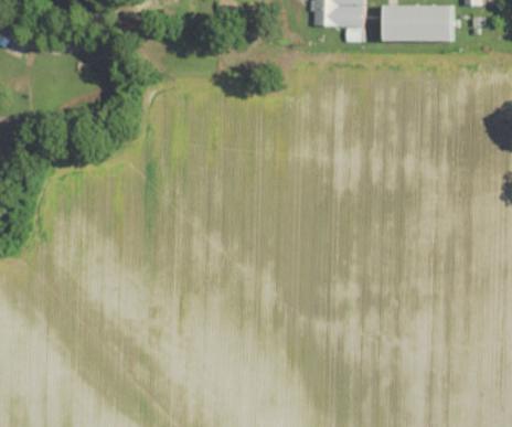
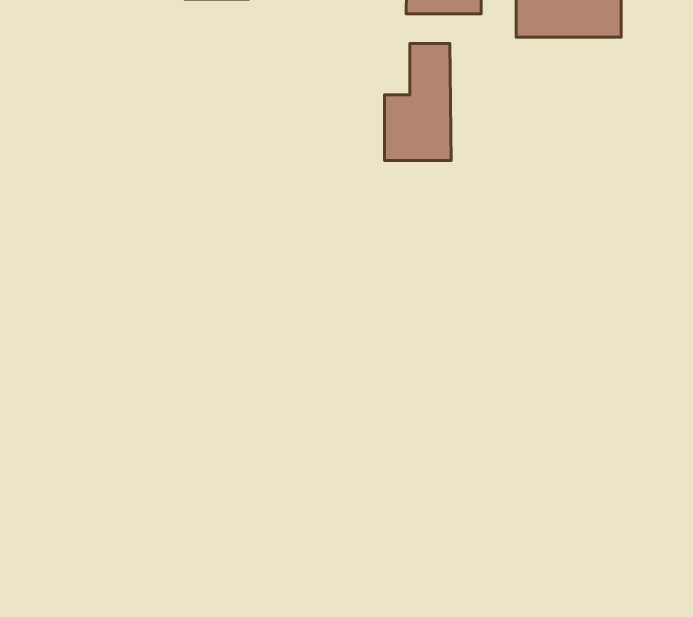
building: none -> [385,44,451,161]

